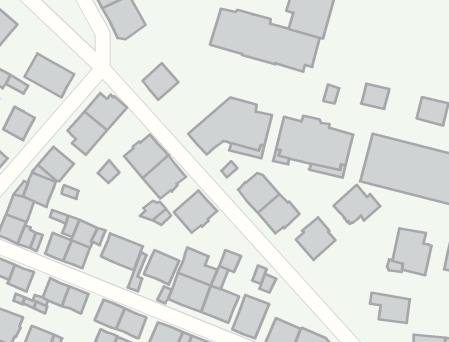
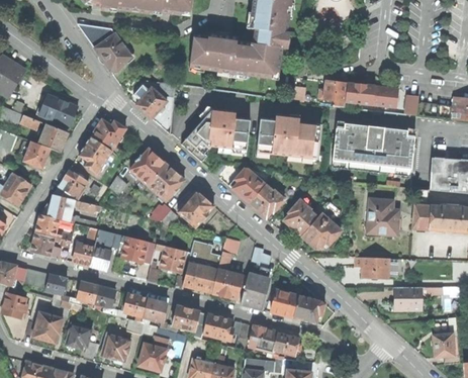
building: none -> [39,123,68,152]
building: none -> [345,83,374,104]
building: [334,185,380,224] -> [301,215,341,249]

